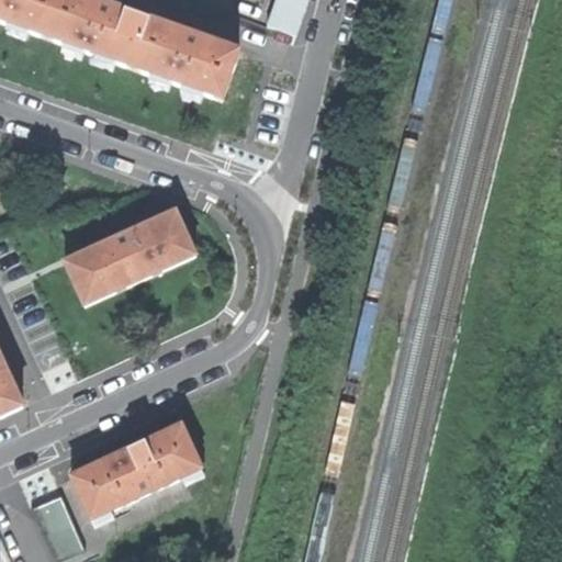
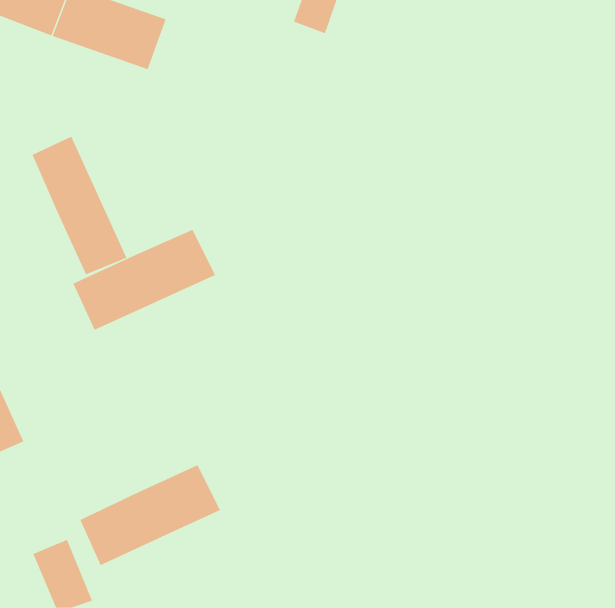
building: [135,18,239,94] -> none
building: none -> [32,136,127,275]

